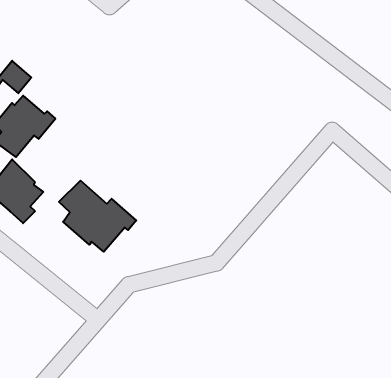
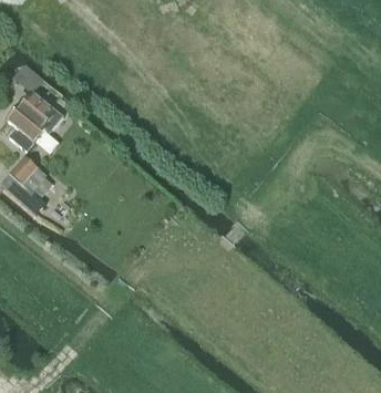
building: [59,181,136,252] -> none

